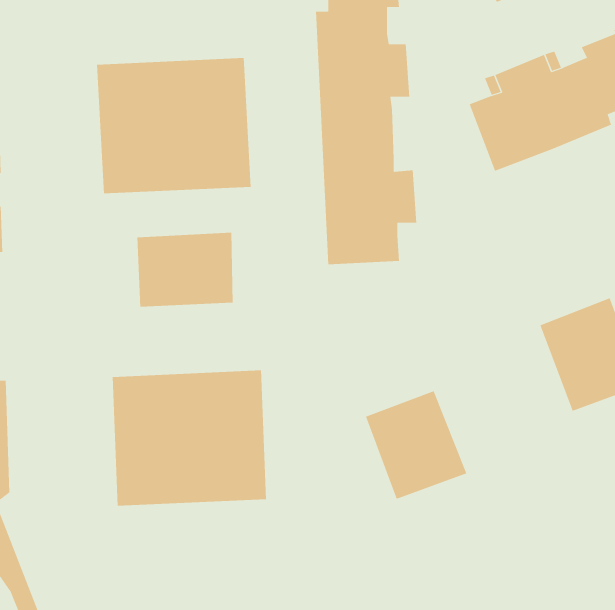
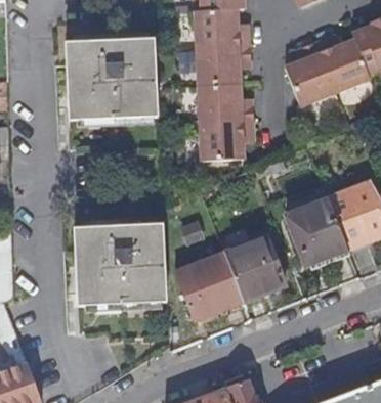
building: [137,232,233,308] -> none
building: none -> [287,196,346,263]
building: none -> [176,251,242,318]

